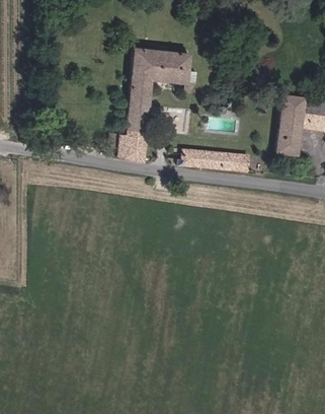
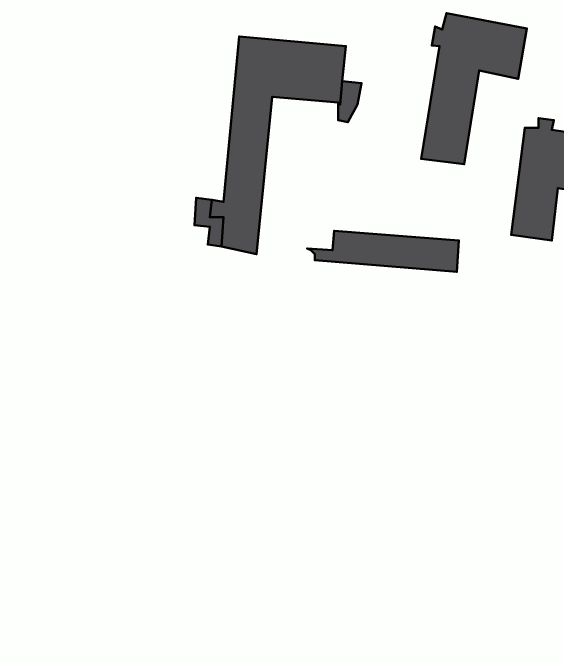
building: none -> [421,13,527,164]

